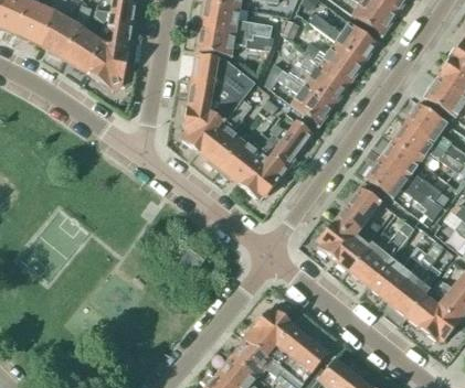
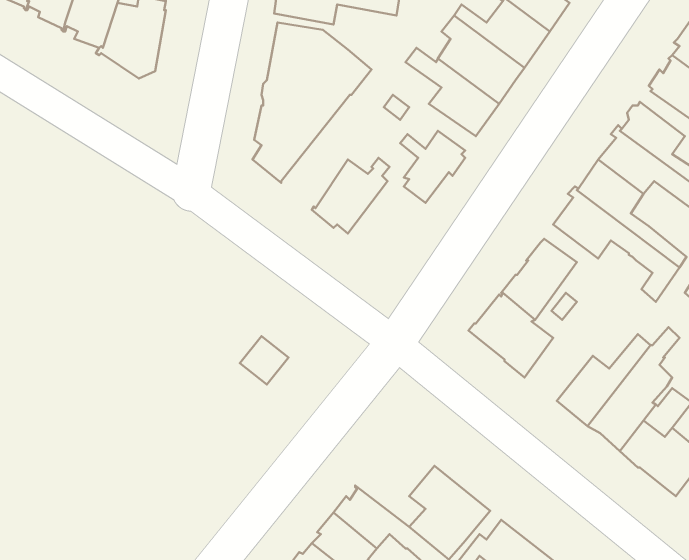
building: [200,99,252,170] -> none
building: [240,152,288,198] -> none
building: [349,223,414,287] -> none
building: [245,305,294,364] -> none

